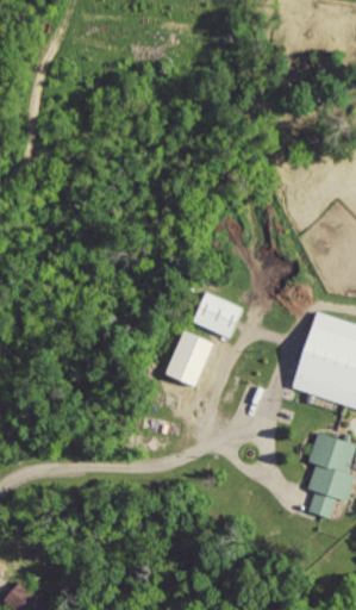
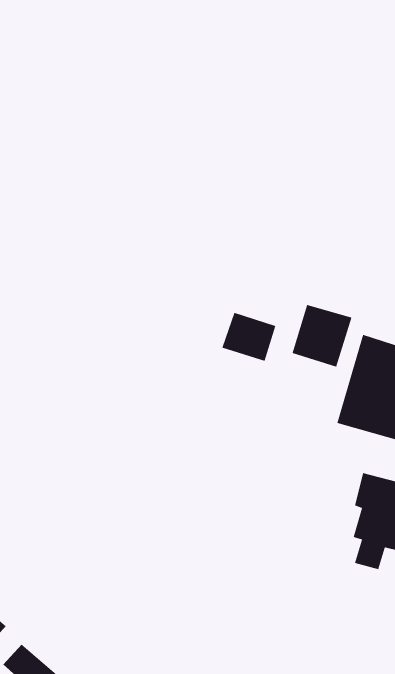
building: none -> [292,304,352,368]
building: [165,330,212,386] -> none

